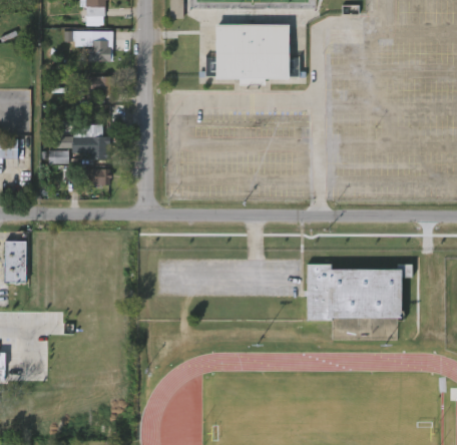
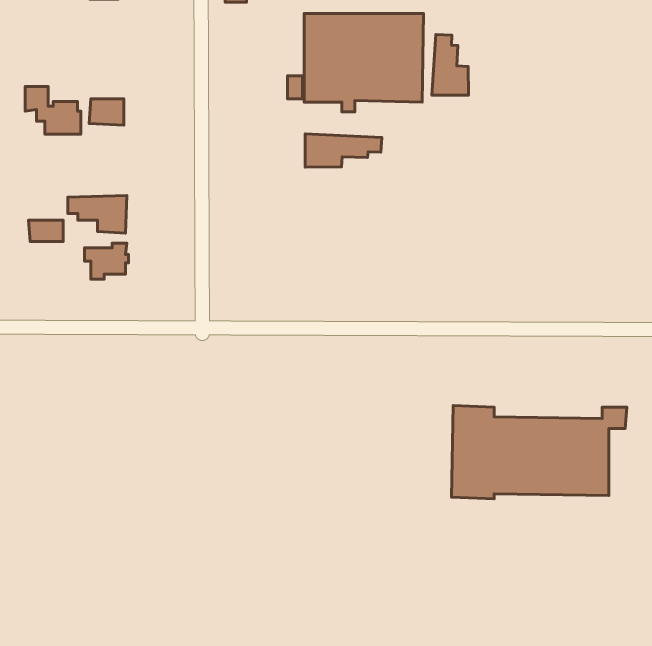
building: [74,30,108,59] -> [25,87,81,134]
building: none -> [432,34,469,95]
building: none -> [305,134,382,167]

